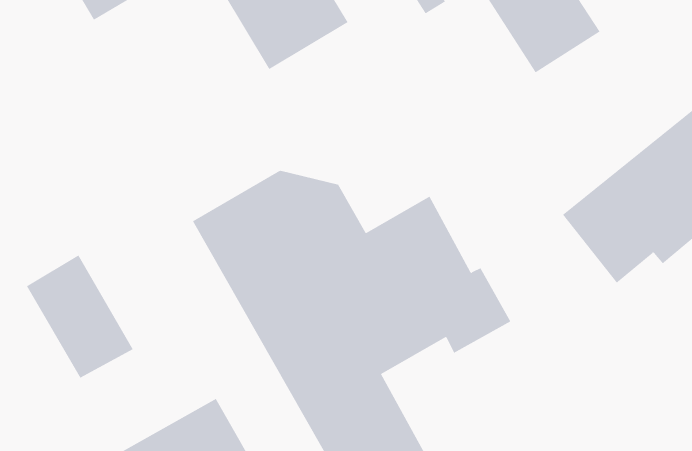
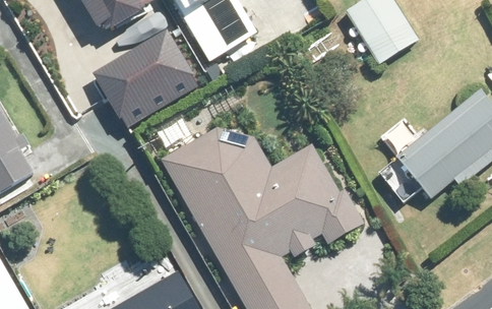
building: none -> [90,30,195,127]
building: [26,254,133,378] -> none

